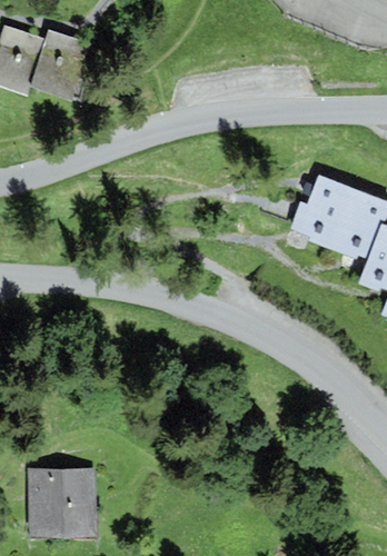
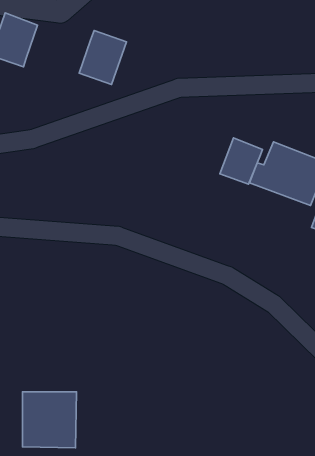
building: [32,29,88,92] -> [79,31,127,85]
building: none -> [220,138,263,184]

